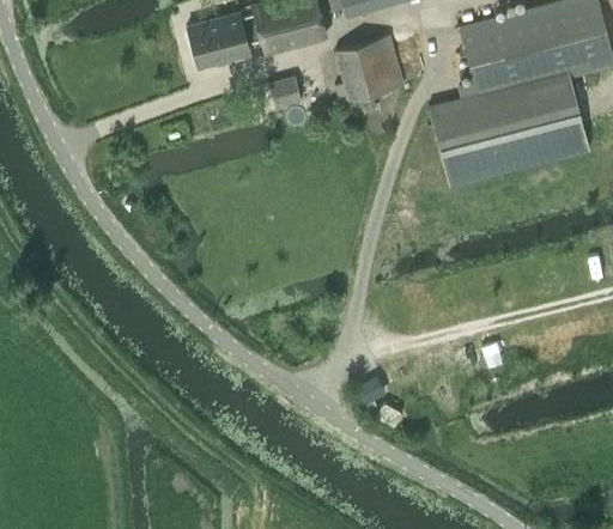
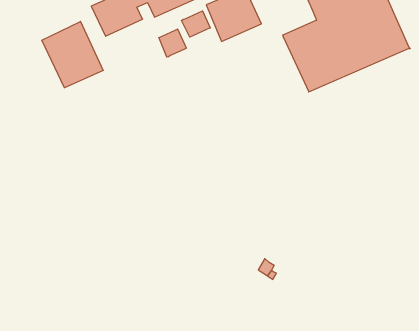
building: none -> [42,21,103,88]
building: none -> [181,11,210,37]

